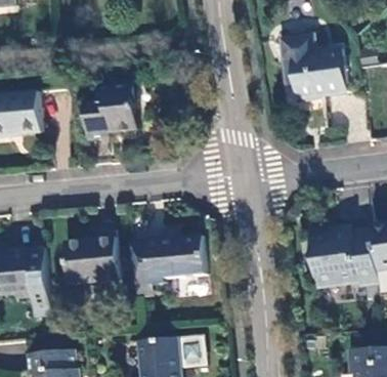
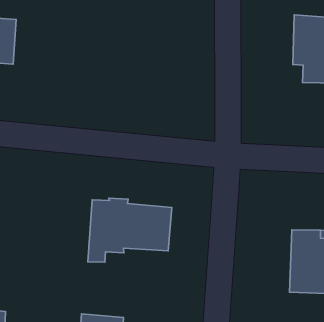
building: [85,84,138,138] -> none
building: [64,226,120,280] -> none

